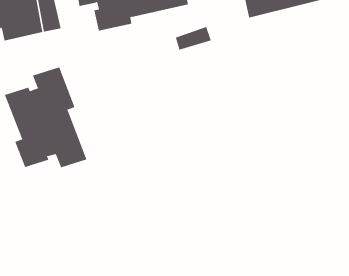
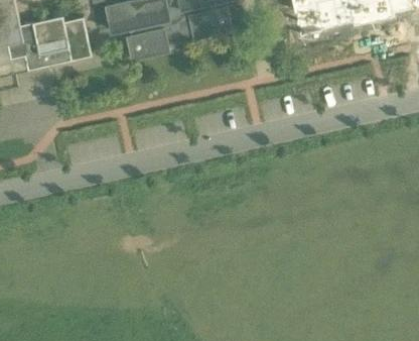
building: [175,26,211,51] -> none
building: [4,66,87,168] -> none

